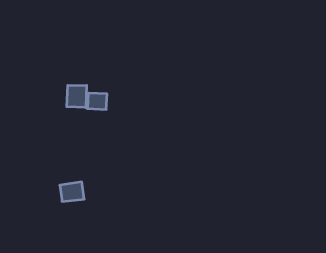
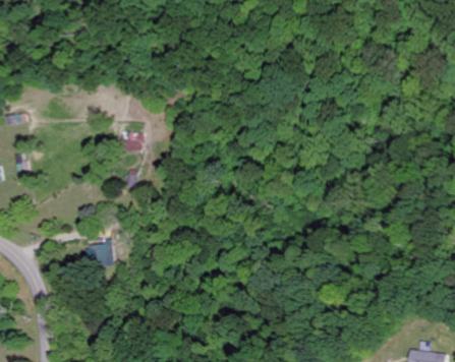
building: [67,85,87,108] -> none

